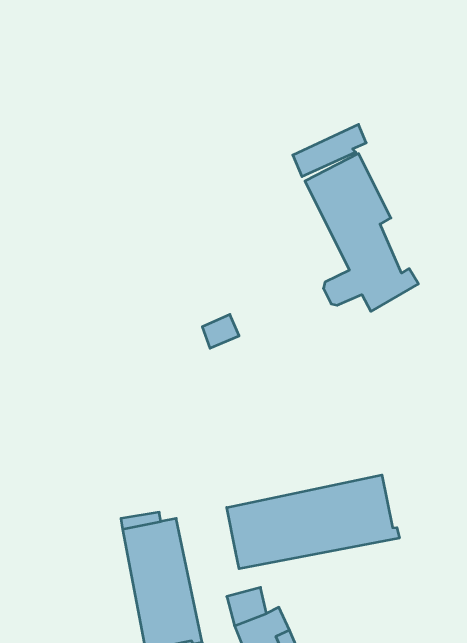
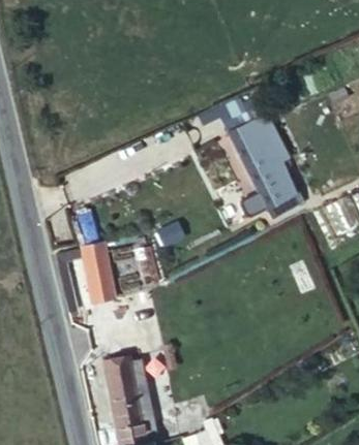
building: none -> [82,243,114,301]
building: [227,475,399,569] -> none

